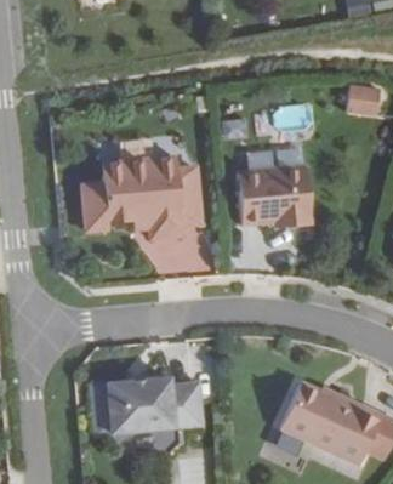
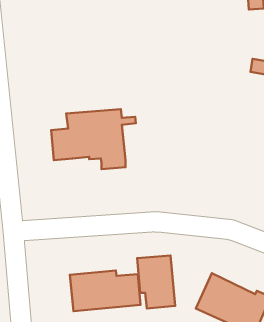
building: [238,164,313,226] -> none
building: none -> [137,255,175,309]

